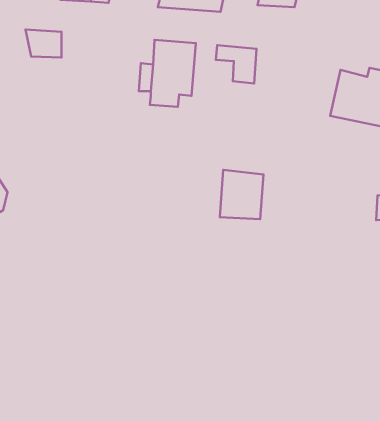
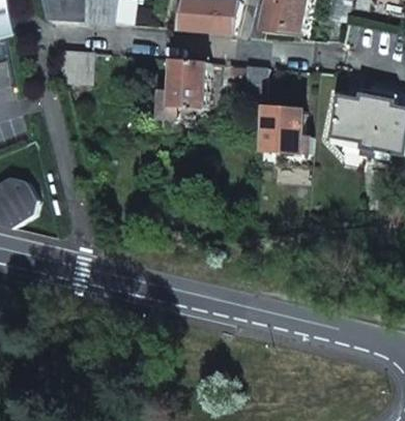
building: [220,170,263,219] -> [263,107,303,152]

